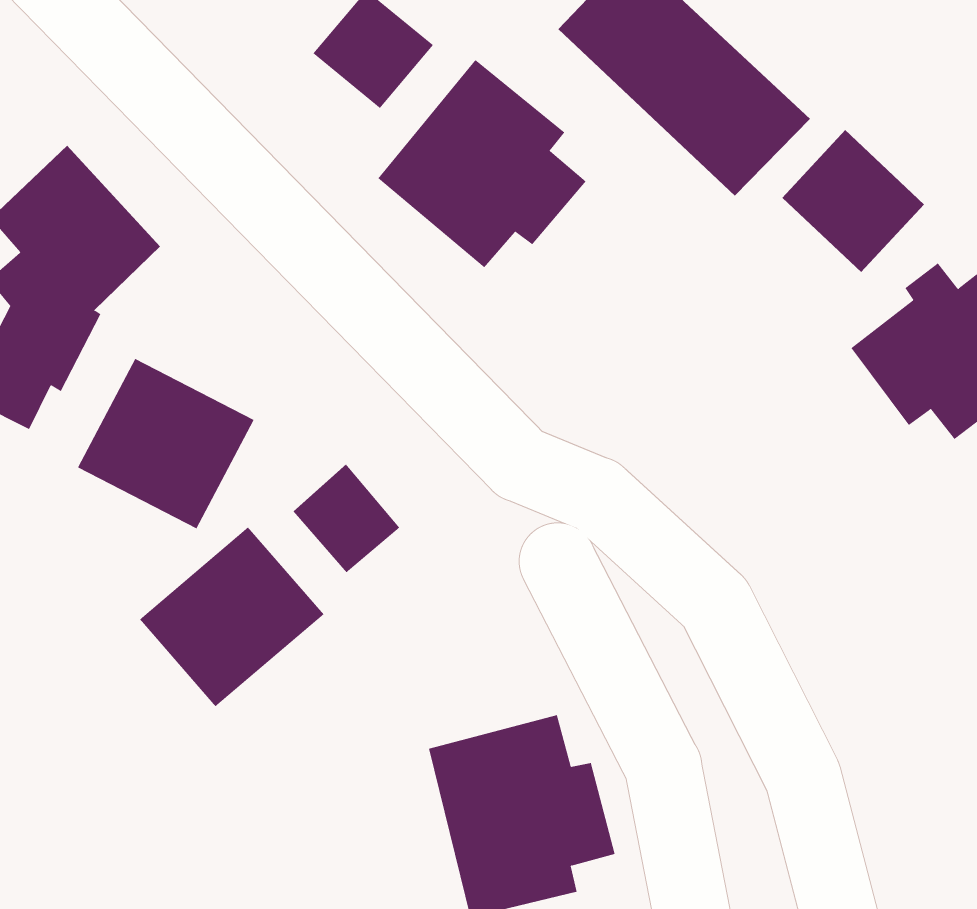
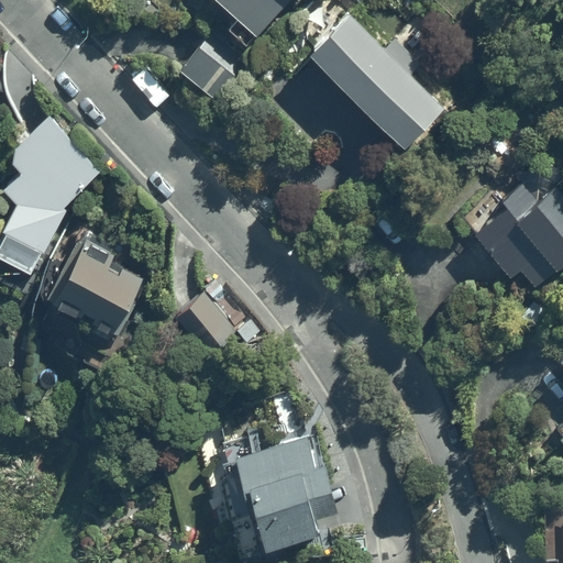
building: [377,59,586,268] -> none
building: [781,129,925,273] -> none
building: [139,526,324,707] -> none

